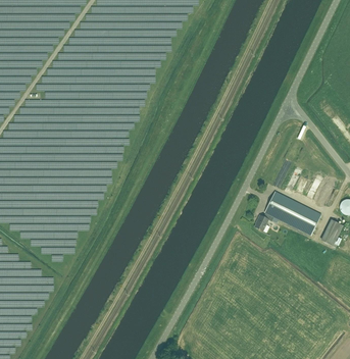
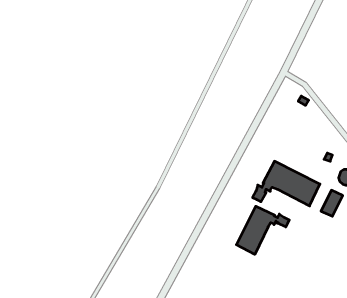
building: none -> [236,206,289,254]

